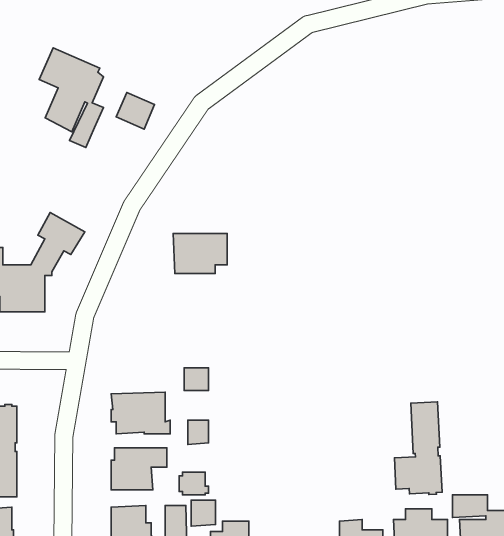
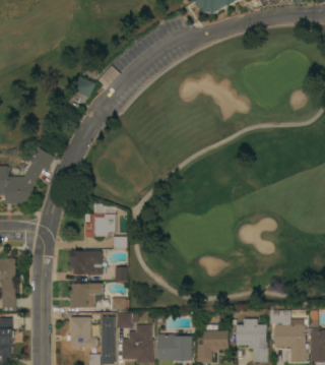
building: [39,48,103,148] -> none
building: [173,233,227,273] -> [84,214,116,237]
building: [394,402,442,495] -> none

